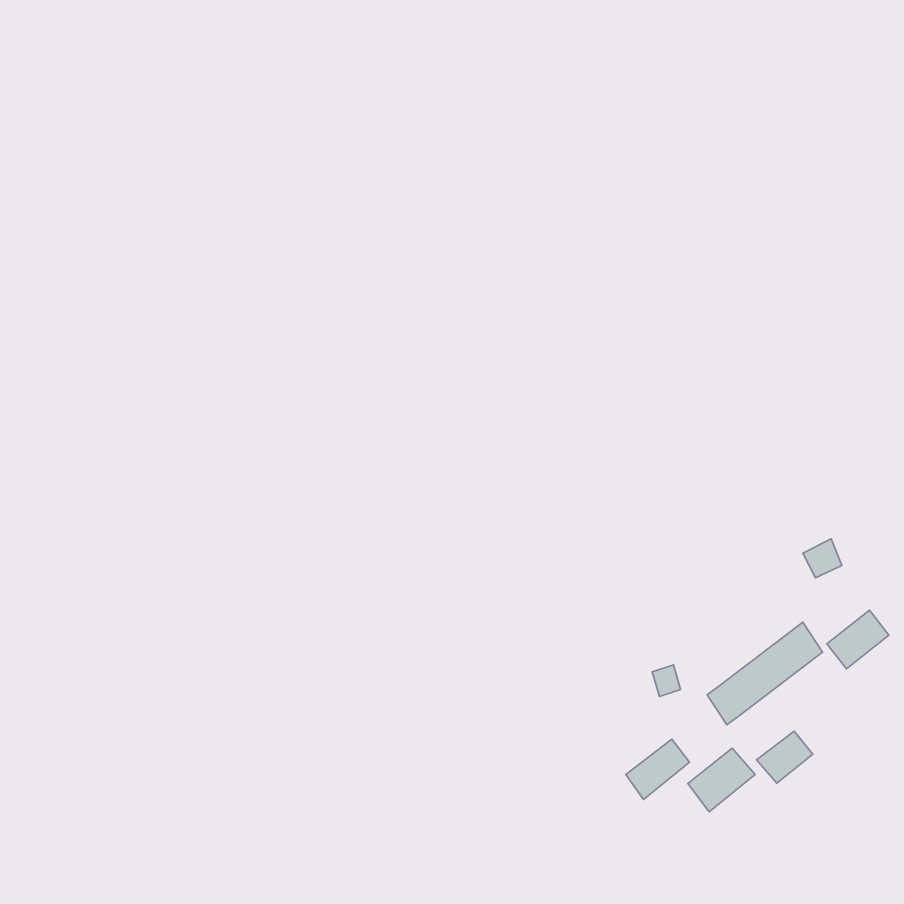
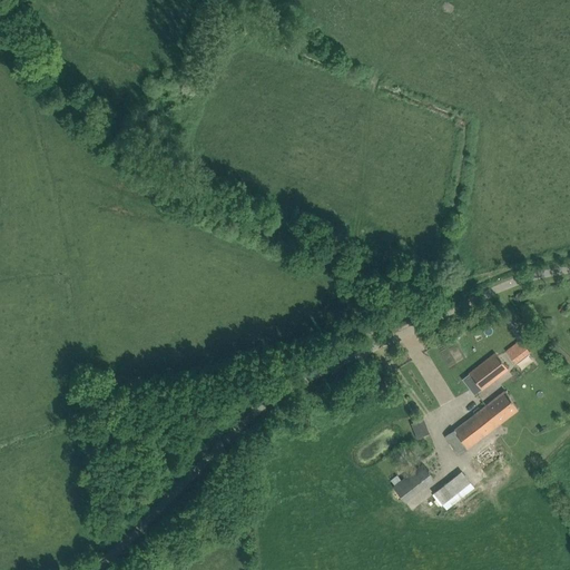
building: [827,610,889,669] -> [468,354,507,391]
building: [757,731,813,783] -> none

